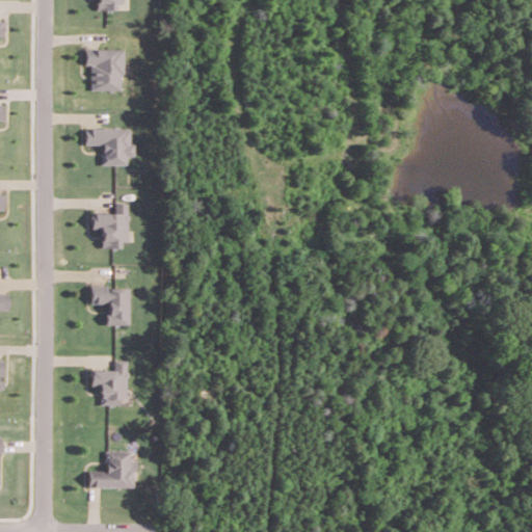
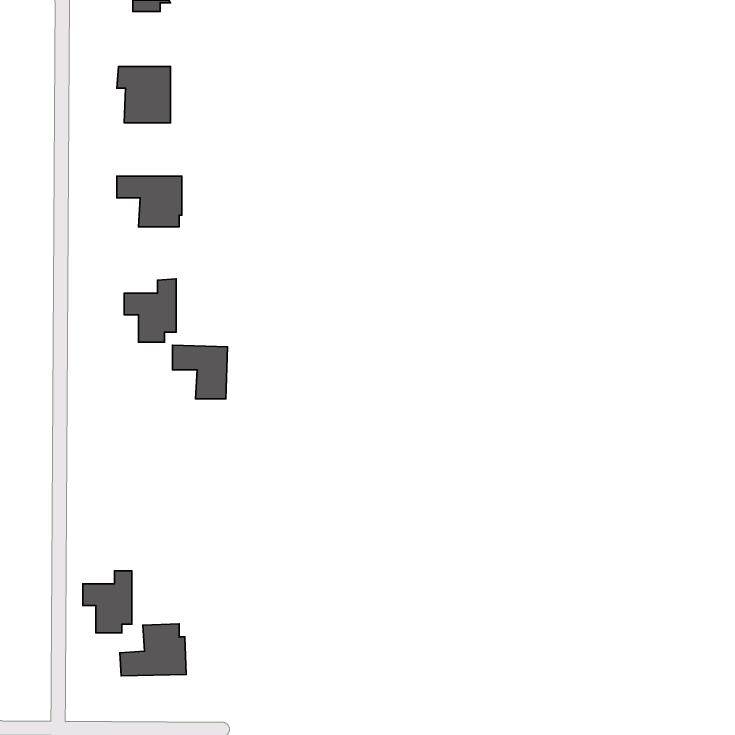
building: [89,287,129,325] -> [173,345,227,399]
building: [90,361,126,405] -> [83,571,132,633]

